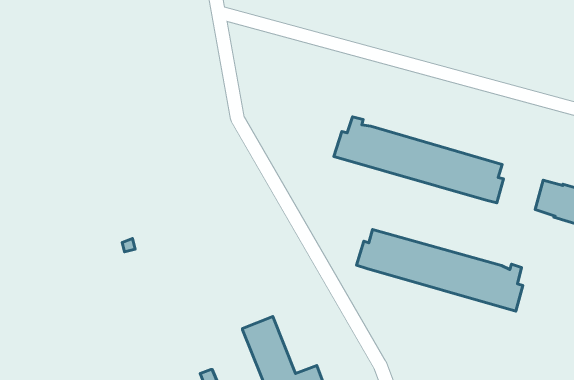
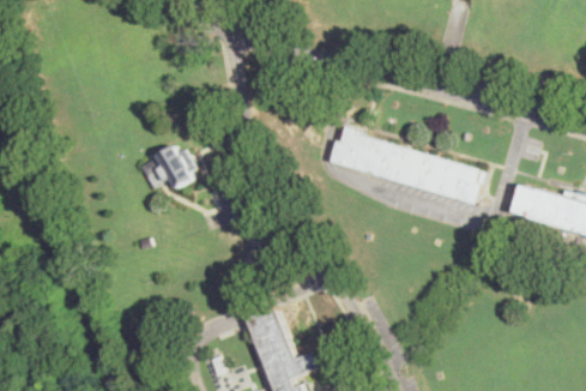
building: none -> [139,146,193,191]
building: [357,229,523,311] -> none

